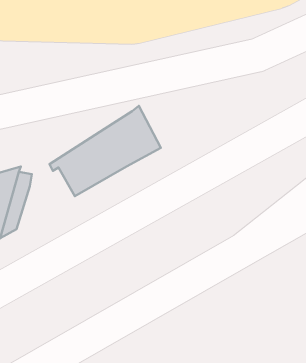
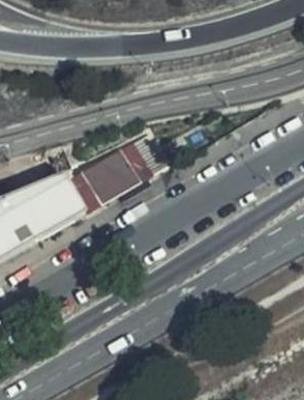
building: none -> [20,197,70,252]

